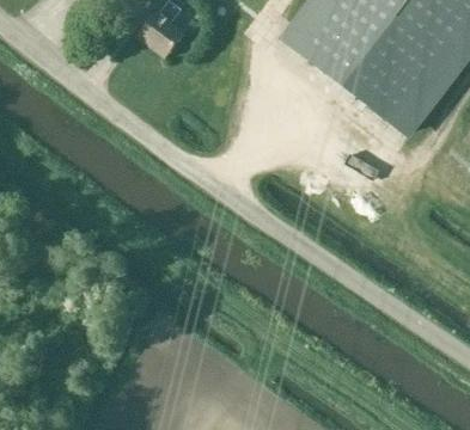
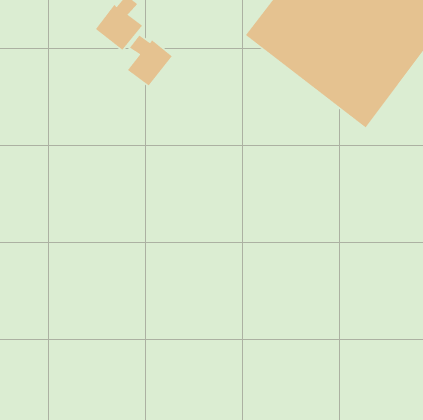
building: none -> [127,34,173,87]

